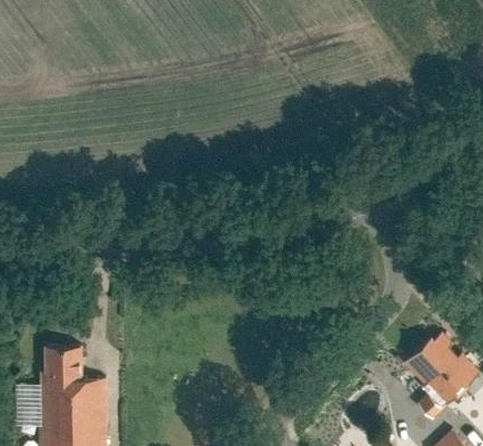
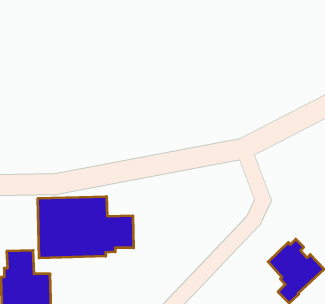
building: none -> [38,196,134,258]

